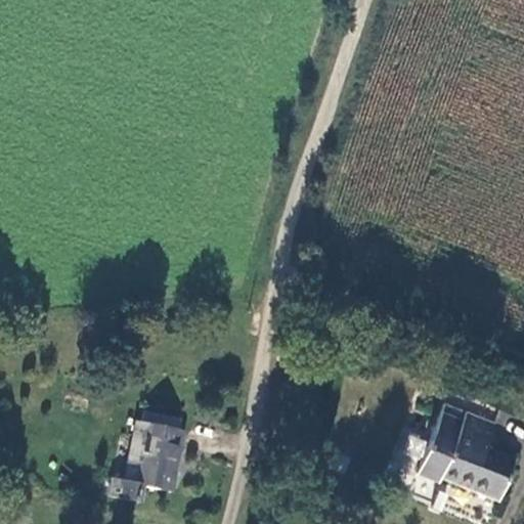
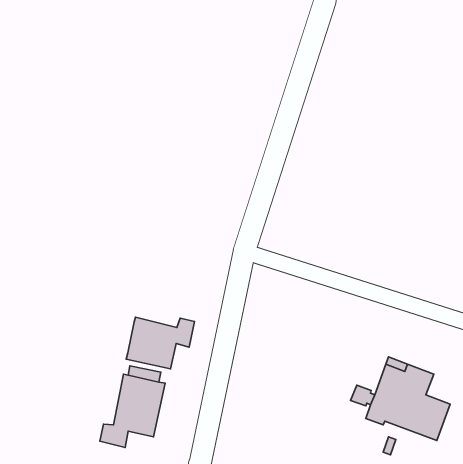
building: none -> [126,317,194,369]

